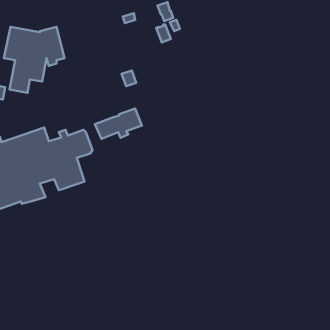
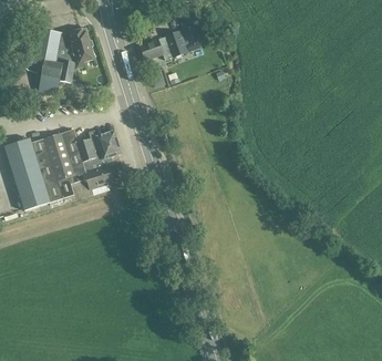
building: [95,109,142,139] -> [138,31,185,61]

